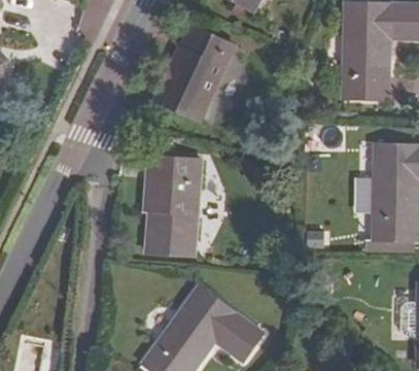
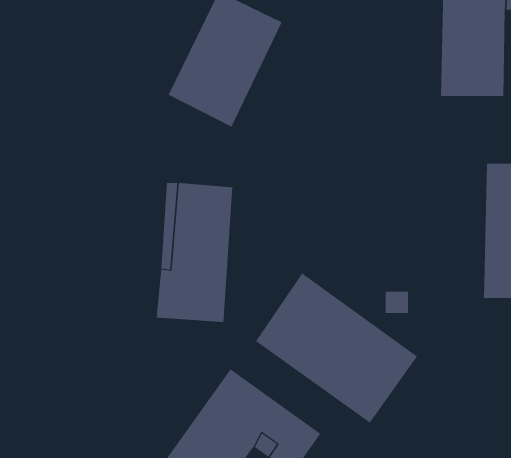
building: none -> [255,272,418,423]

